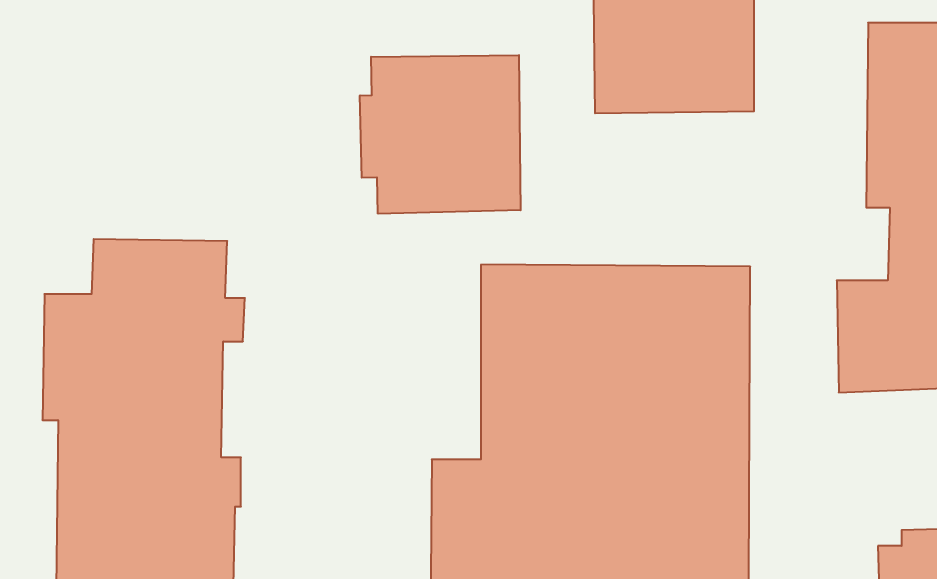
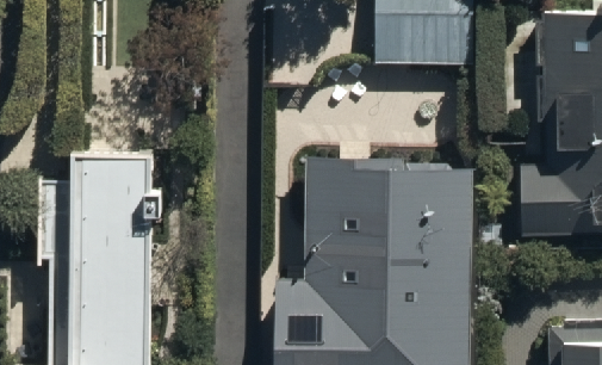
building: [360,55,521,214] -> none

